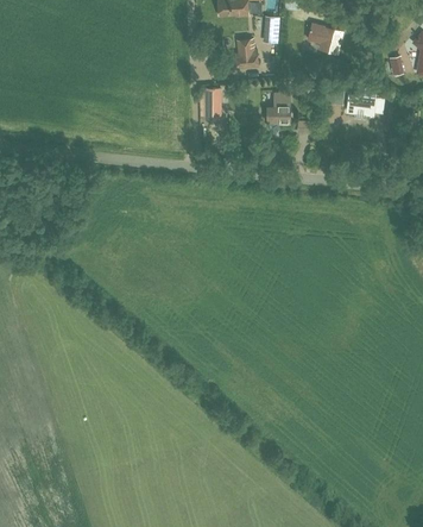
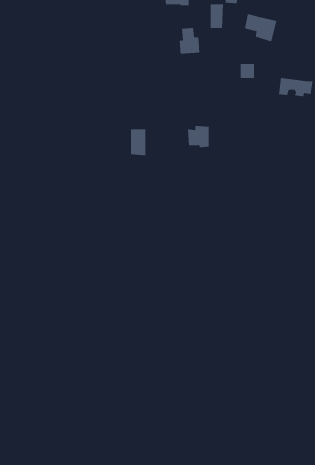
building: [203,87,221,117] -> [130,129,146,156]
building: [265,101,290,126] -> [187,125,209,148]

